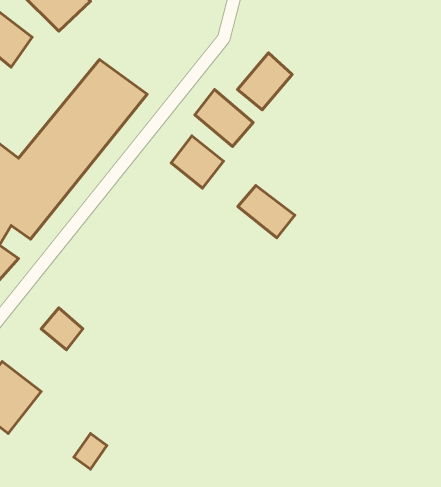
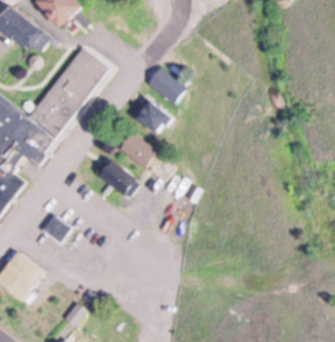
building: [237,53,292,110] -> none
building: [238,185,295,238] -> [121,134,159,169]
building: none -> [100,160,139,197]

